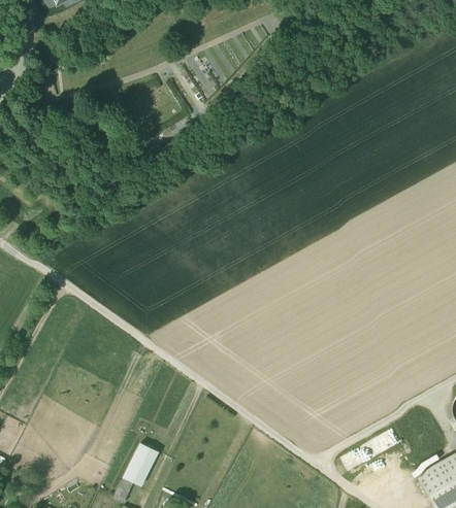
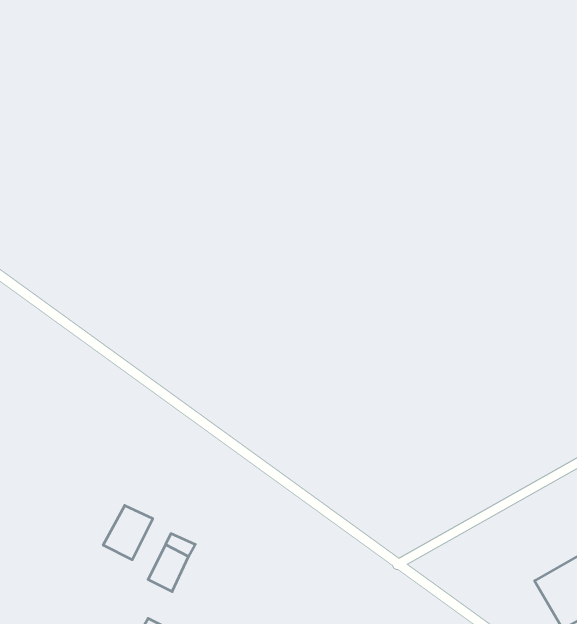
building: none -> [103,505,153,560]

